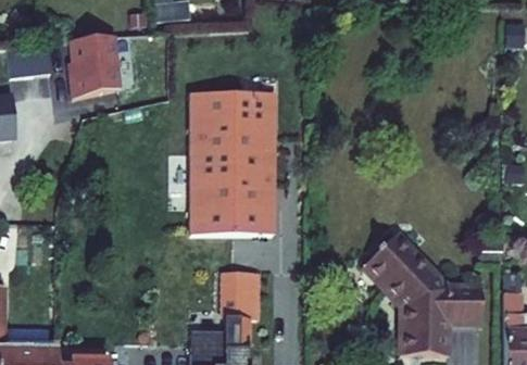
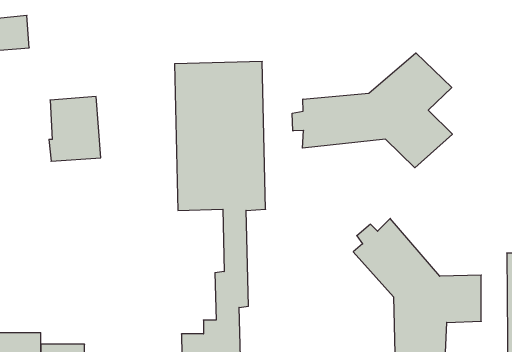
building: [73,36,122,97] -> [49,97,101,161]
building: none -> [292,53,452,168]

